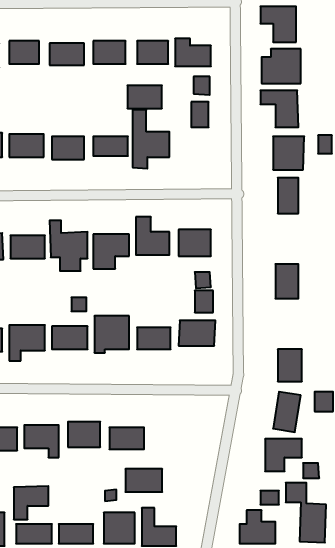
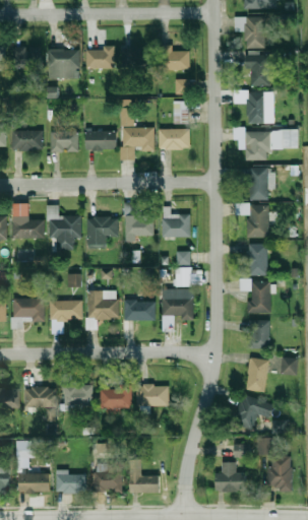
building: [127,85,162,108] -> [159,128,189,148]
building: none -> [235,204,267,238]
building: none -> [250,280,270,313]
building: [125,469,162,492] -> [136,385,169,405]

